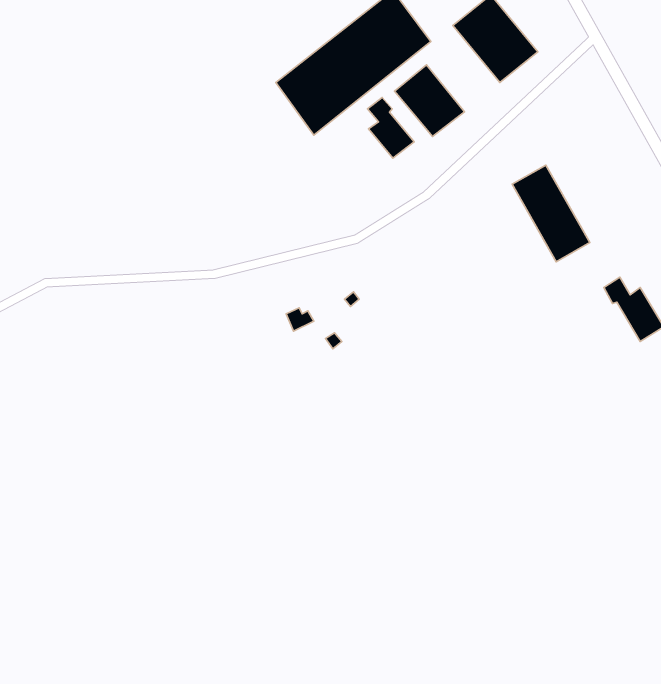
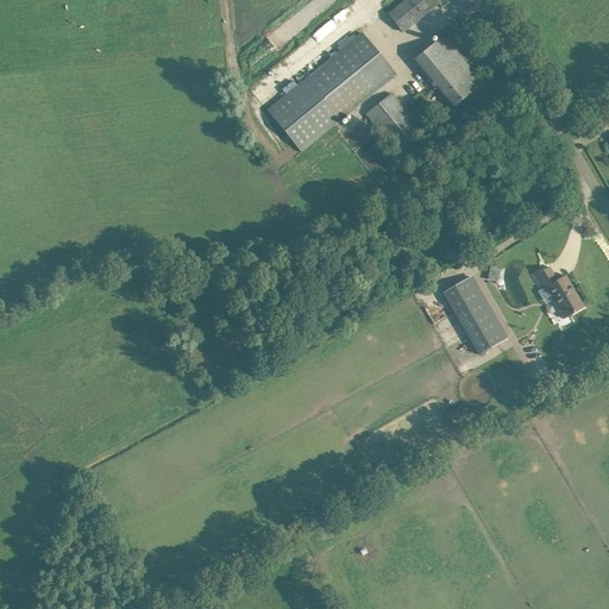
building: [367,97,414,158] -> none
building: [512,165,590,262] -> [441,272,504,351]

